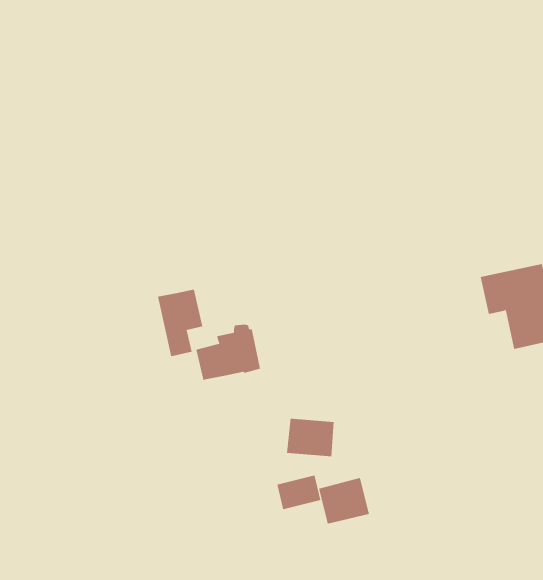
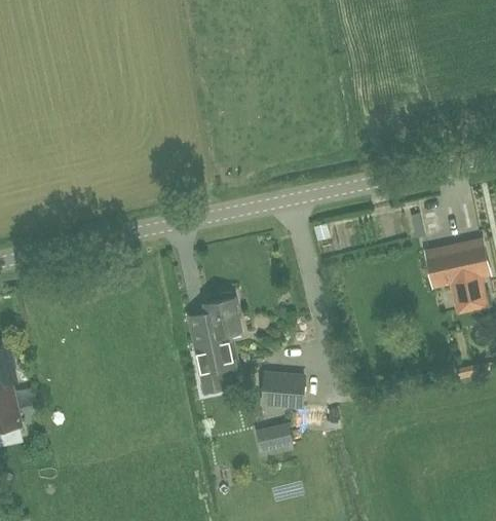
building: [157,289,203,357] -> [195,334,234,392]
building: [318,477,370,525] -> none

